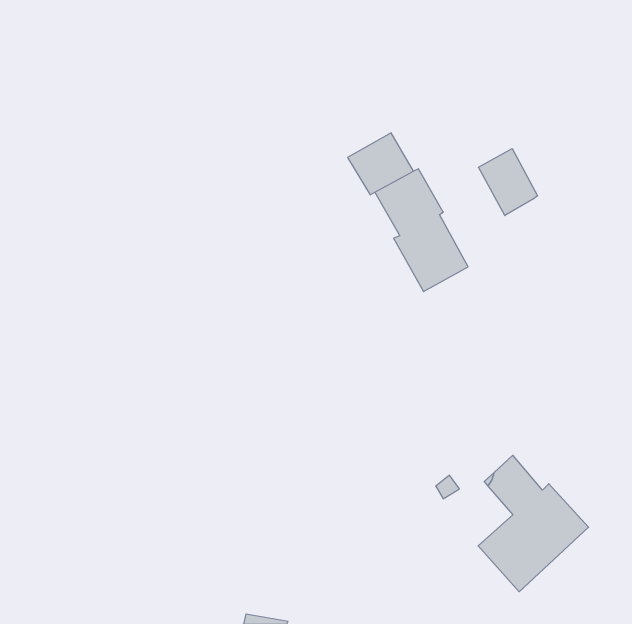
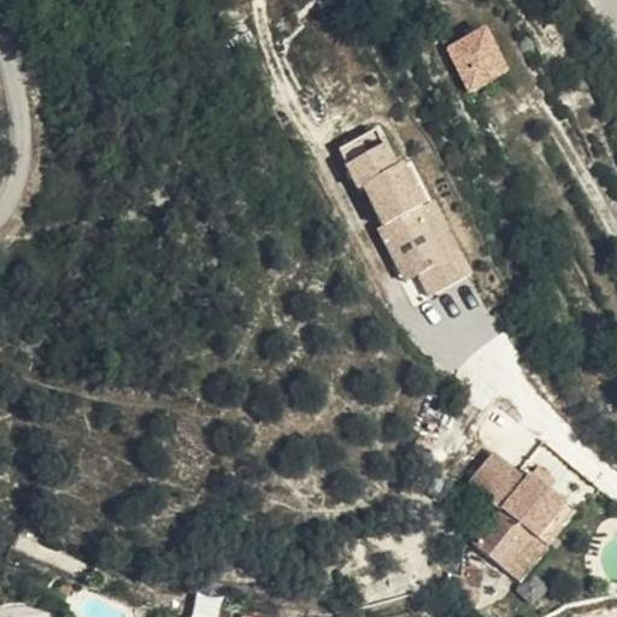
building: none -> [447,35,509,98]
building: [478,149,538,216] -> none

